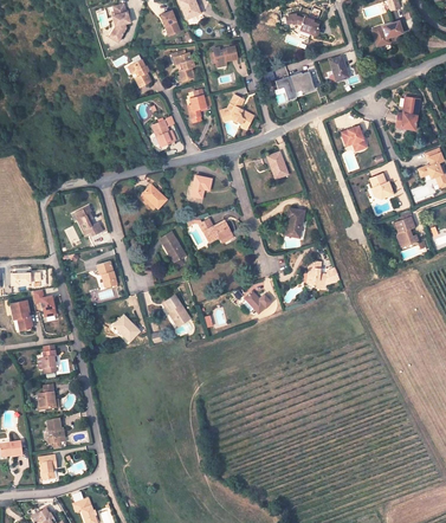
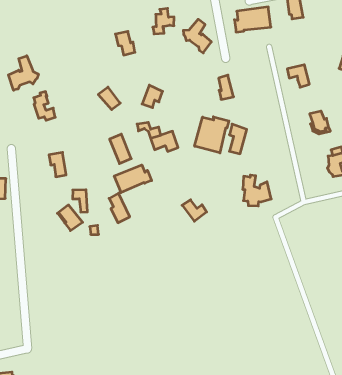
building: none -> [8,56,38,90]
building: none -> [195,117,229,153]
building: none -> [114,165,152,193]

